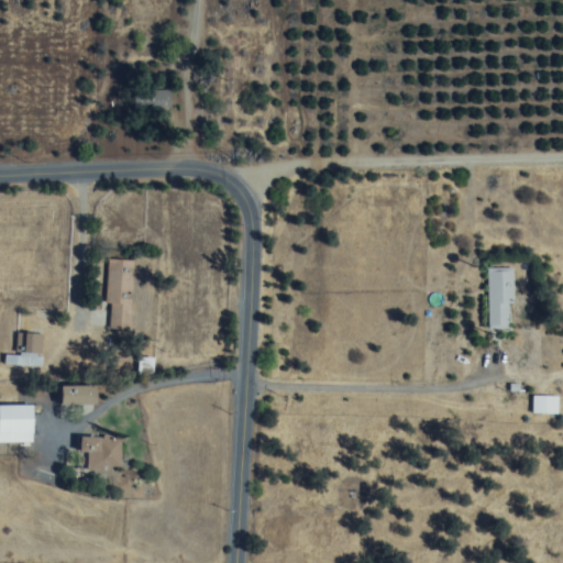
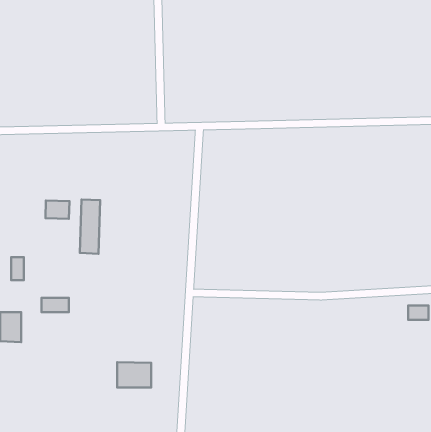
building: none -> [45,200,69,219]
building: [488,267,514,329] -> none
building: [76,438,120,471] -> [117,362,151,388]

